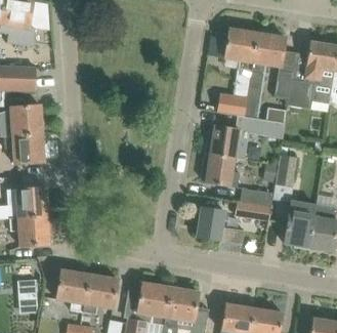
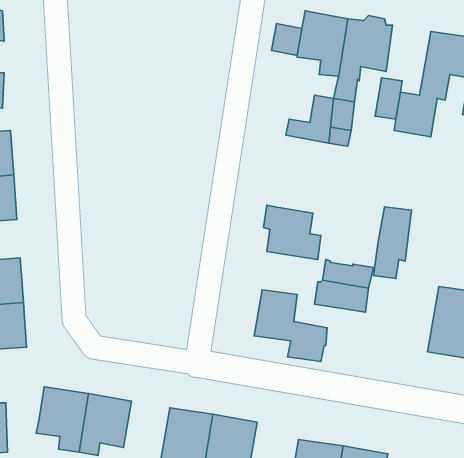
building: [210,116,285,159] -> none
building: [284,201,315,247] -> none

